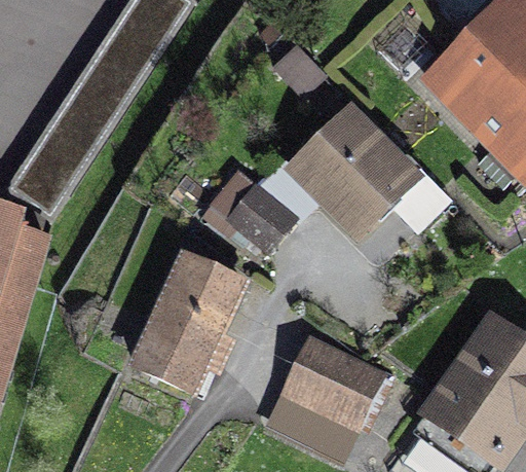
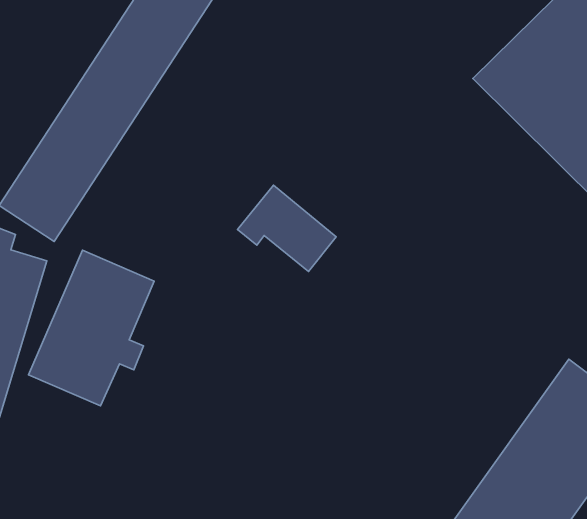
building: [302,108,410,226] -> none
building: [133,255,240,389] -> [28,250,154,406]
building: [277,342,379,450] -> none

